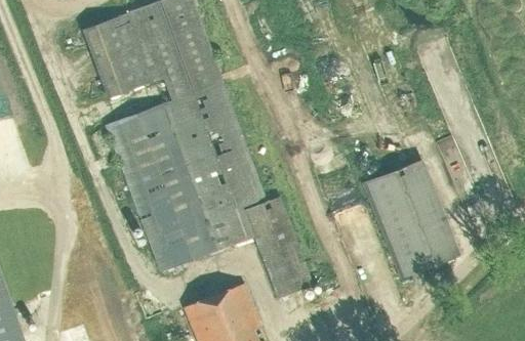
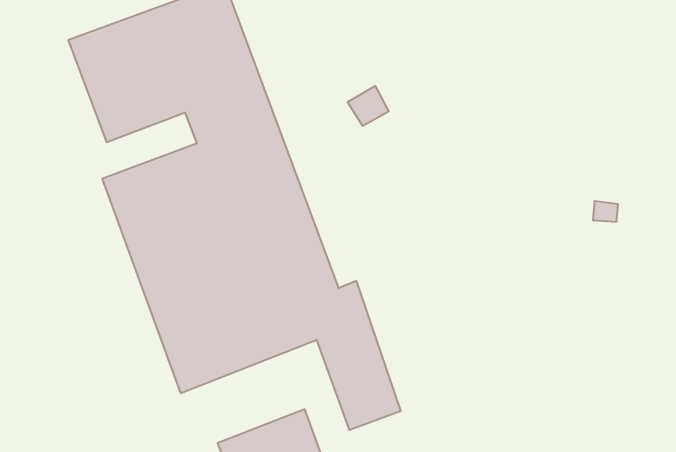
building: [361,159,460,281] -> none

